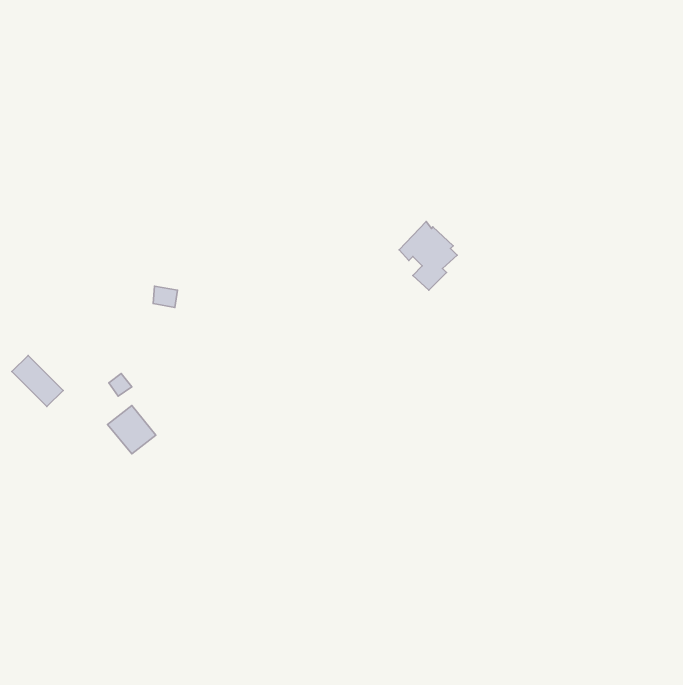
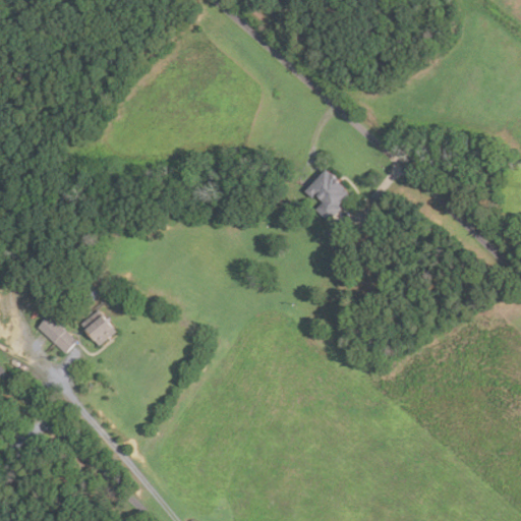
building: [12,355,63,406] -> [39,314,77,353]

